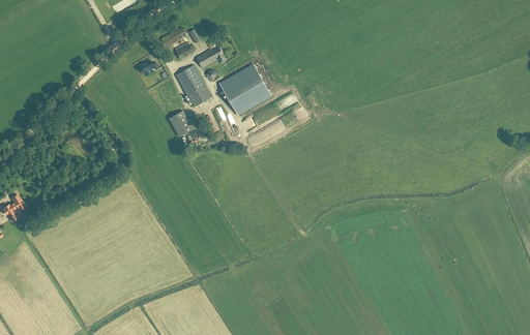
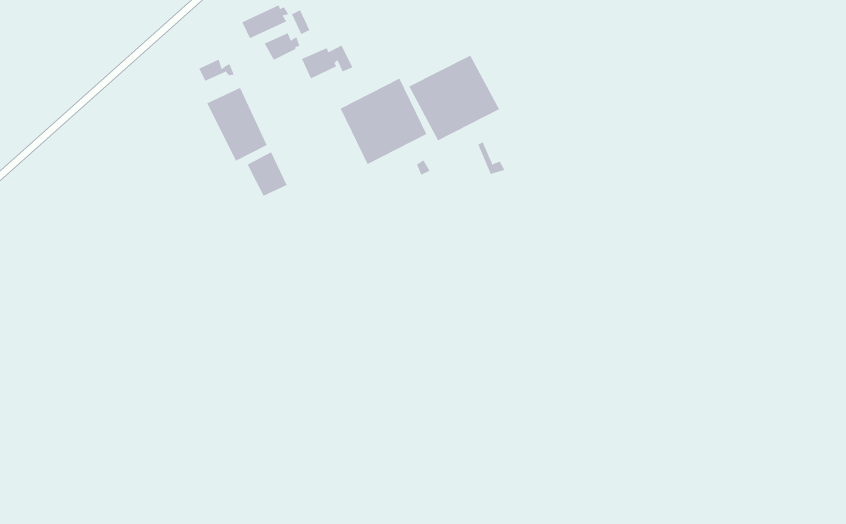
building: none -> [408,55,500,141]
building: [175,64,211,106] -> [207,87,268,161]

